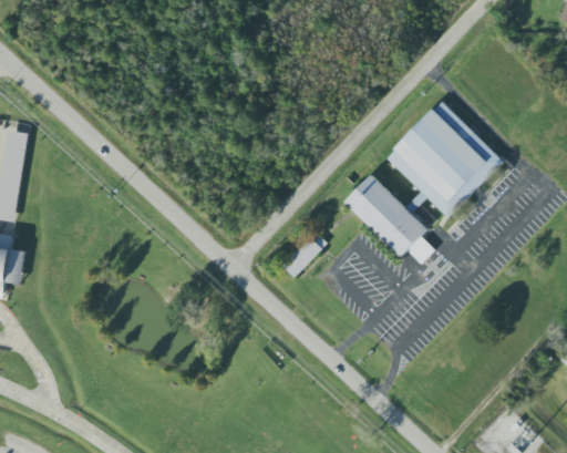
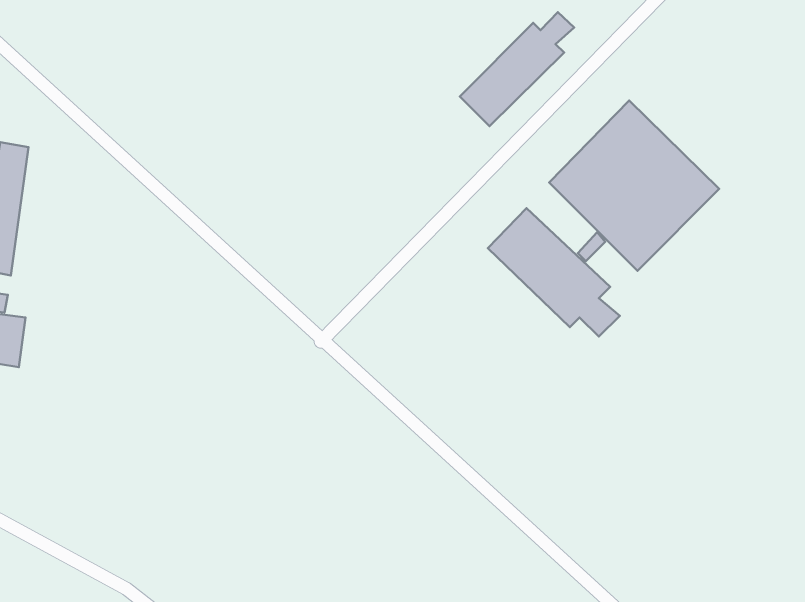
building: none -> [460,12,574,126]
building: [281,230,327,277] -> none

